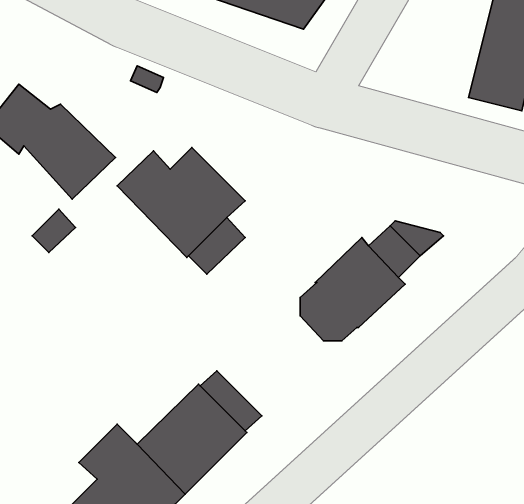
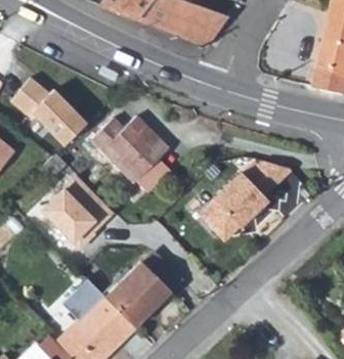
building: none -> [44,178,115,252]

